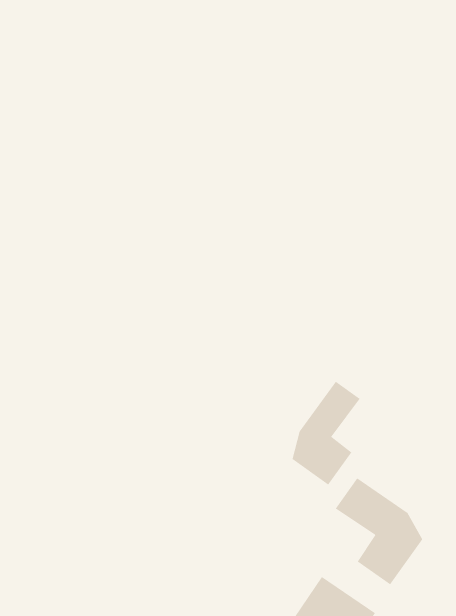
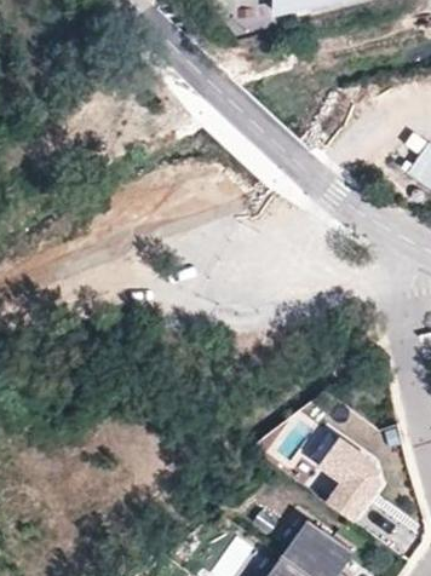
building: [292,381,361,485] -> none

